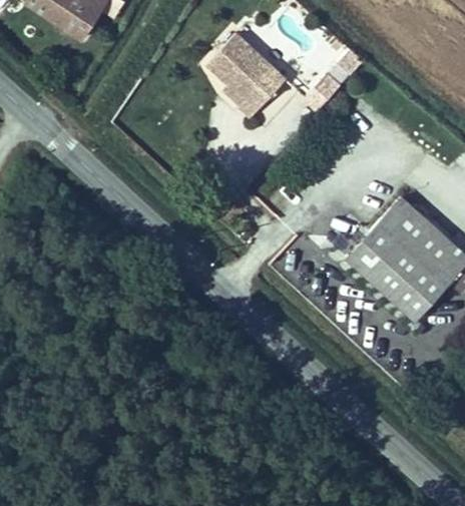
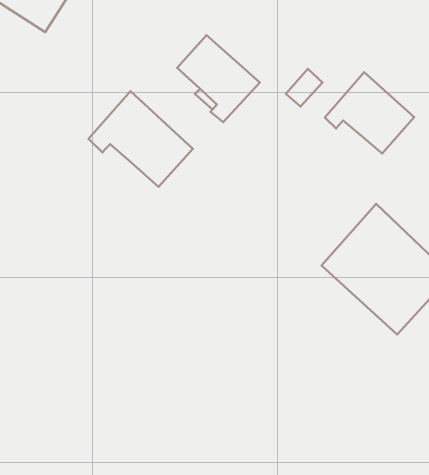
building: none -> [325,72,414,154]
building: none -> [88,91,193,187]

